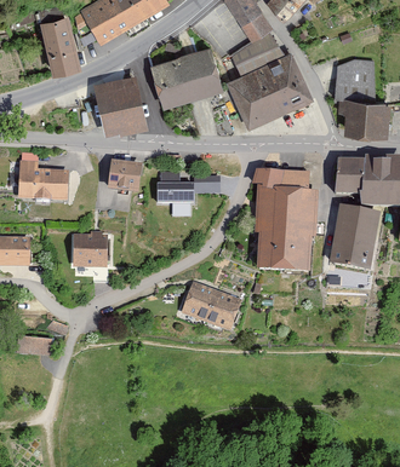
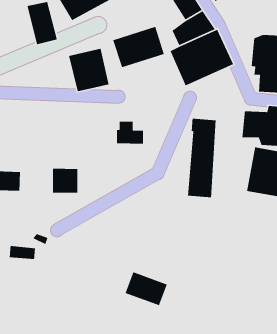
building: [16,161,70,200] -> none
building: [108,161,143,195] -> none
building: [284,171,324,276] -> none
building: [175,284,232,330] -> [124,271,168,306]

